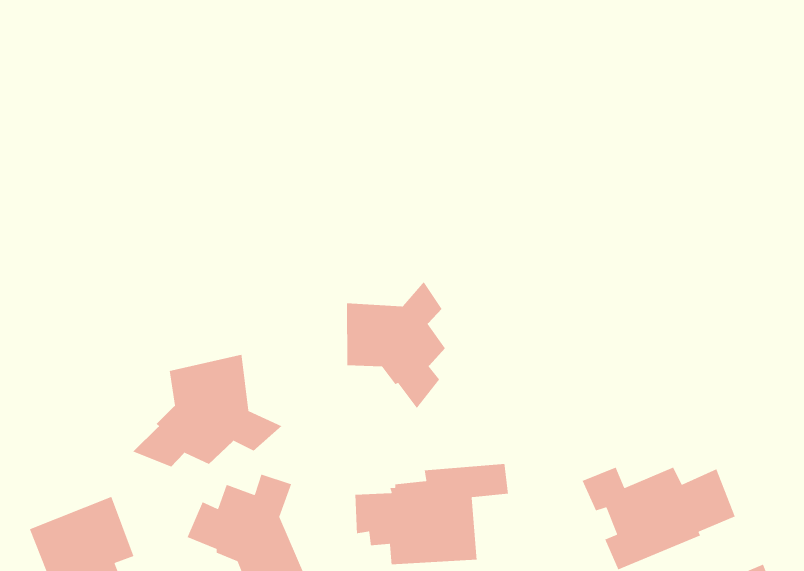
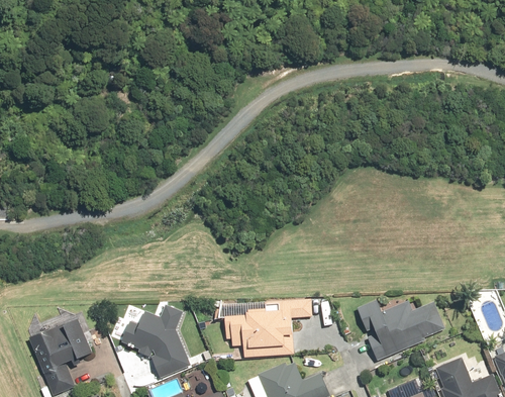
building: [346,281,446,409] -> none
building: [132,354,282,467] -> none

